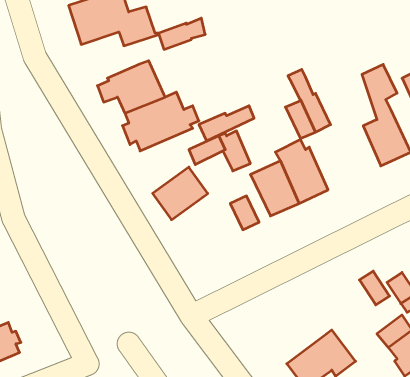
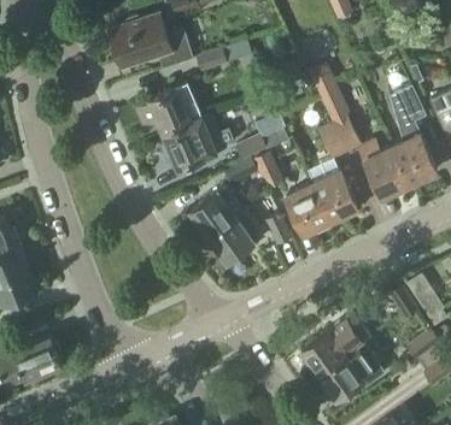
building: none -> [358,142,409,197]
building: none -> [207,209,260,265]
building: none -> [300,314,369,376]

